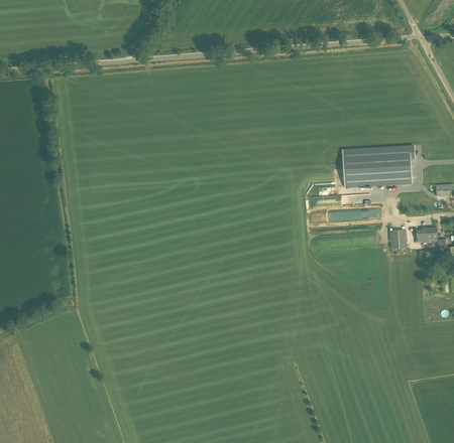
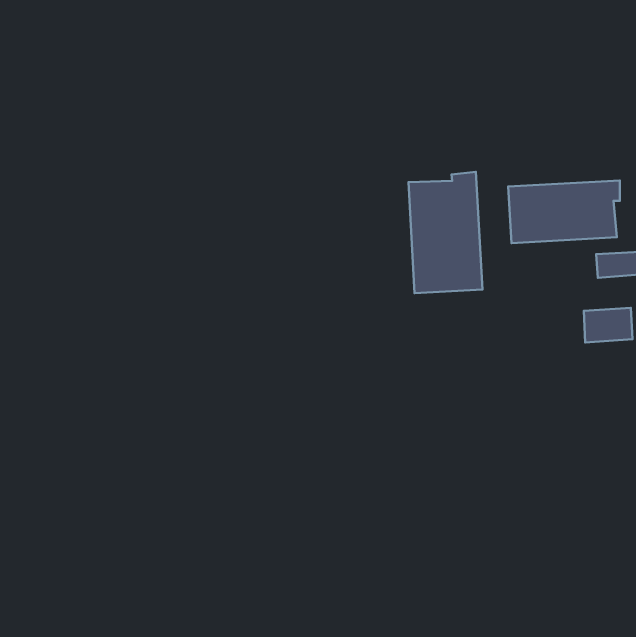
building: none -> [409,172,482,293]

